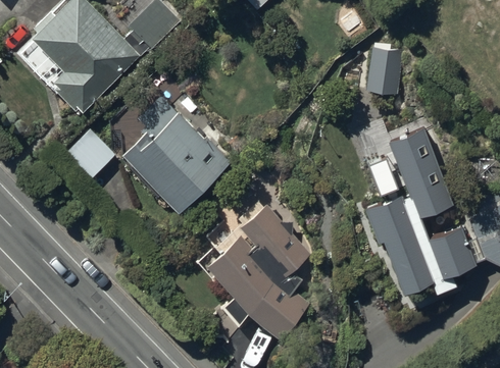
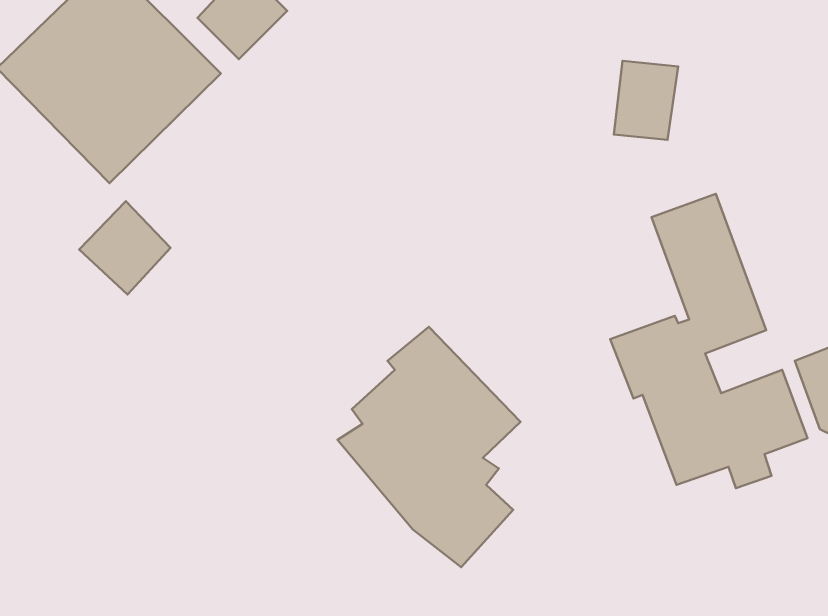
building: [122,93,230,214] -> none

